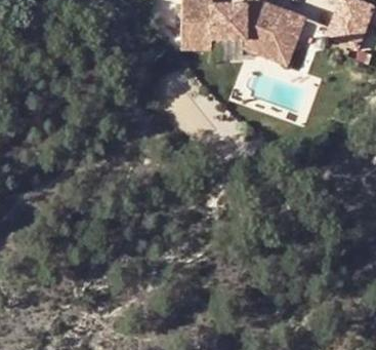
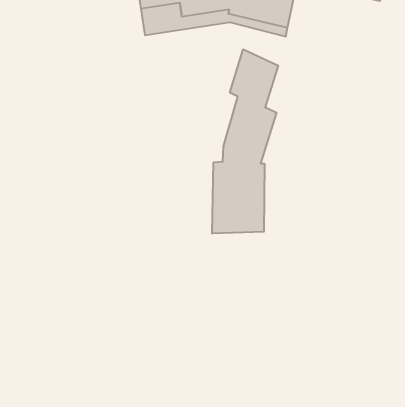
building: none -> [212,49,278,234]

